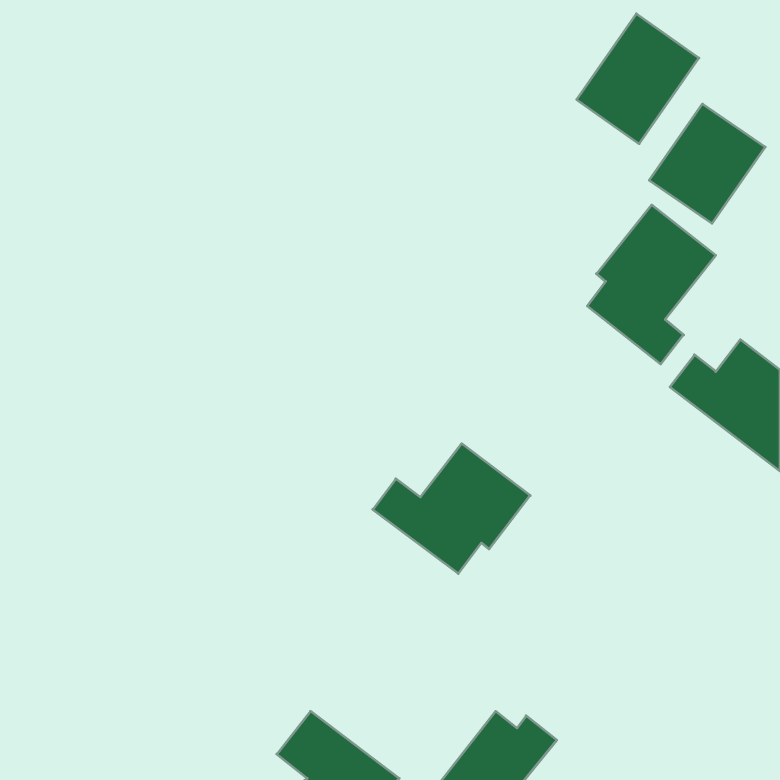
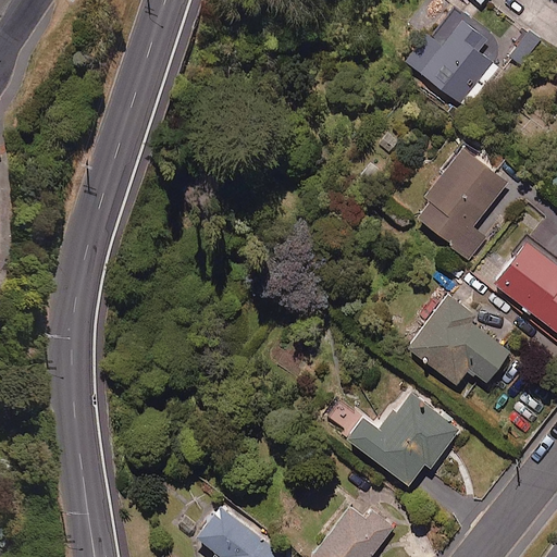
building: [649,104,765,223] -> none
building: none -> [407,294,509,383]
building: [373,444,530,574] -> [347,389,459,482]

